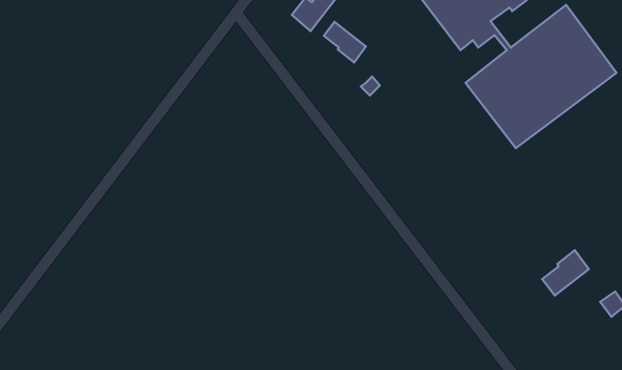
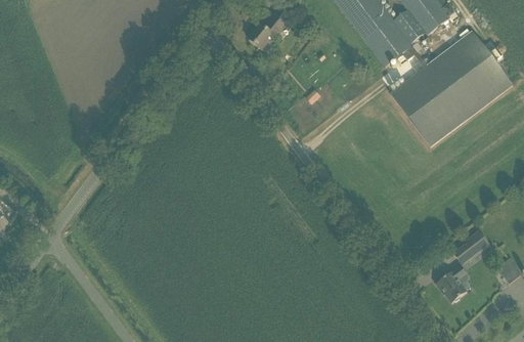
building: [324,22,366,62] -> none
building: none -> [437,265,467,301]

